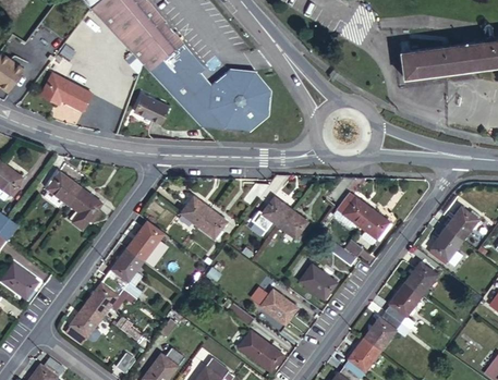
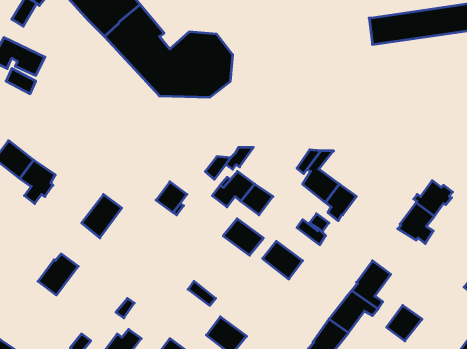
building: [133,91,170,124] -> none
building: [181,195,210,225] -> none
building: [107,247,144,298] -> none
building: [403,262,437,296] -> [387,305,422,341]
building: [259,291,297,326] -> [223,219,263,255]
building: [65,303,102,344] -> none

